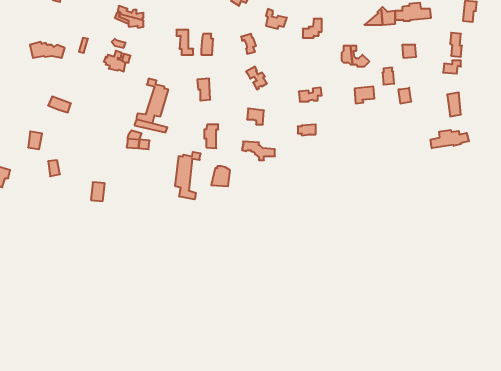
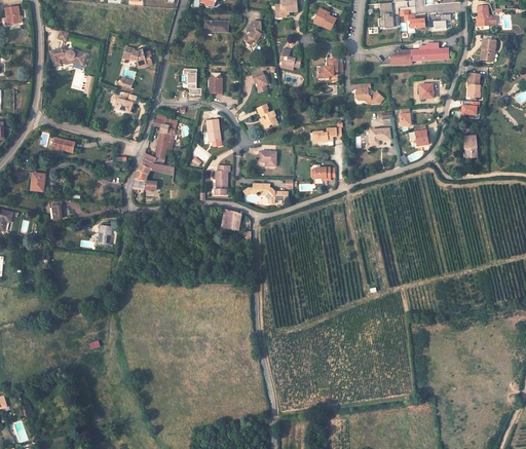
building: [30,42,65,58] -> [49,48,85,65]
building: [431,130,469,148] -> none
building: [175,152,200,199] -> none

